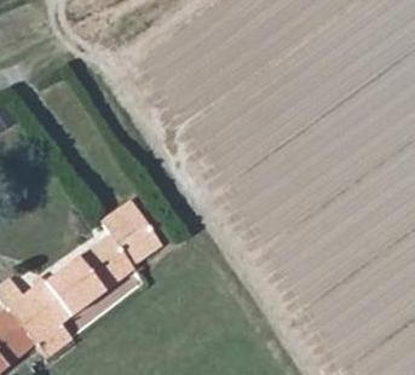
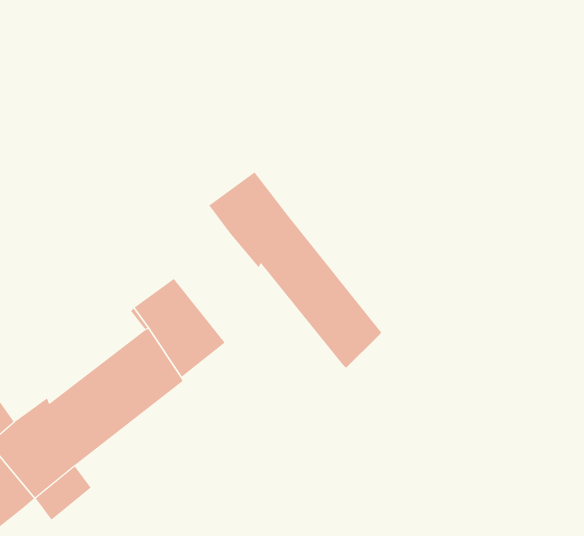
building: none -> [209,171,382,368]

